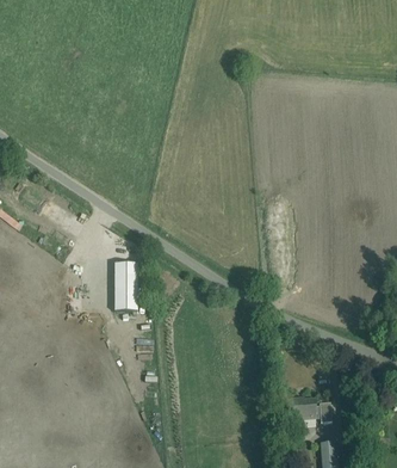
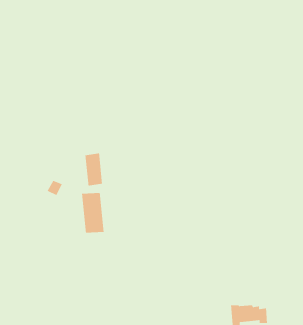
building: none -> [85,153,103,186]

